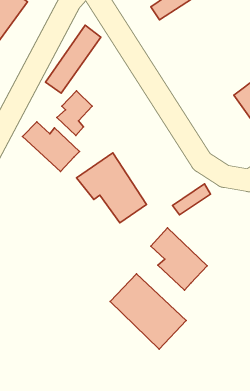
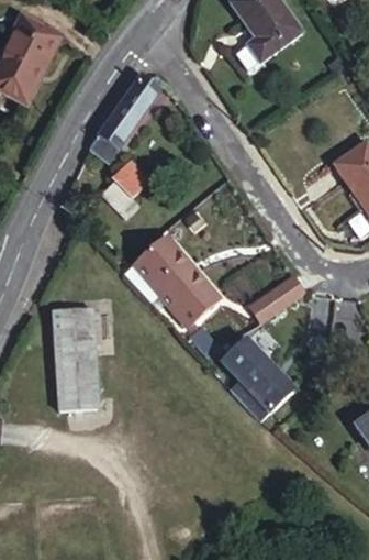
building: [23,122,80,171] -> none
building: none -> [55,320,103,421]
building: [110,274,186,349] -> none

